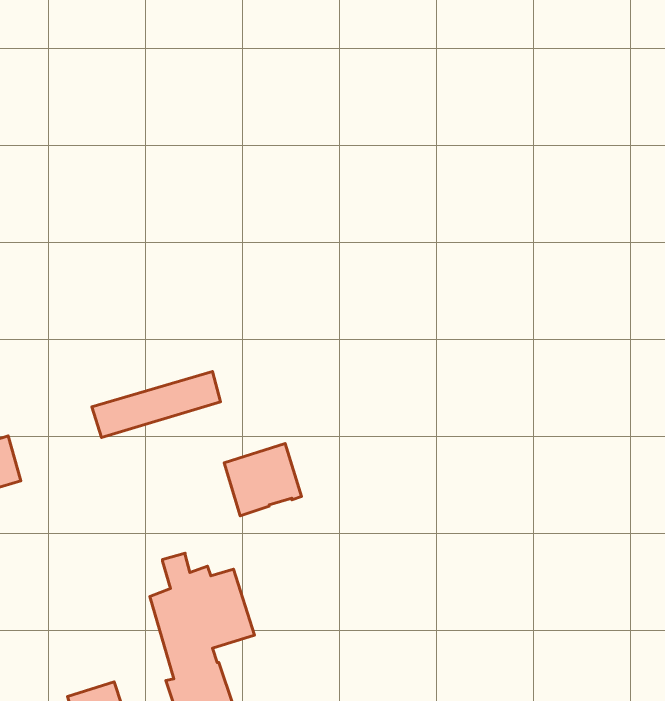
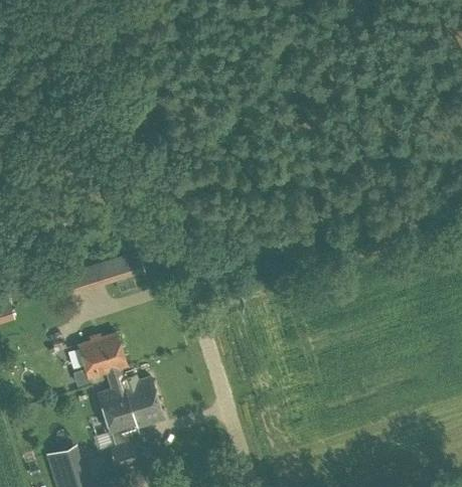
building: [224,444,301,516] -> [78,331,126,376]

